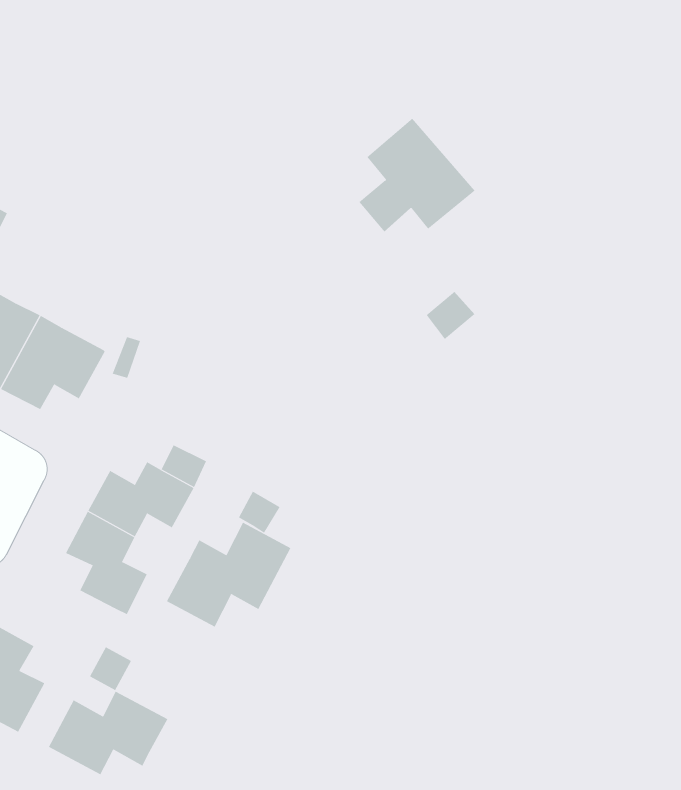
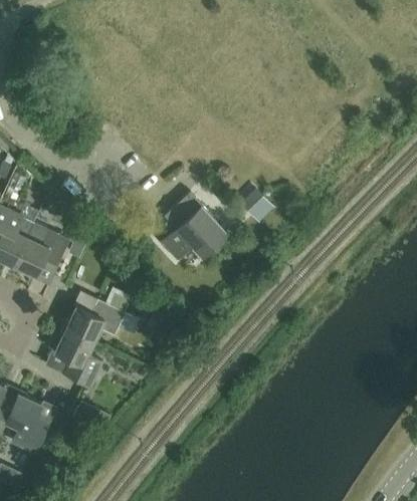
building: [358,118,476,233] -> [162,195,226,259]
building: [166,522,291,627] -> none
building: [48,691,168,775] -> none

